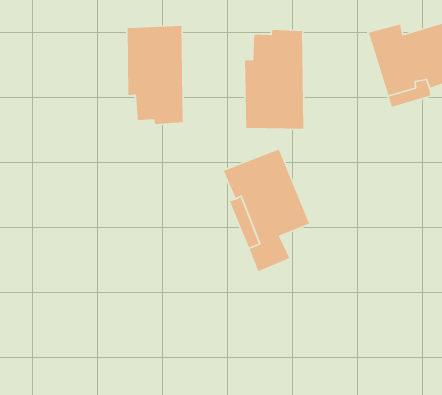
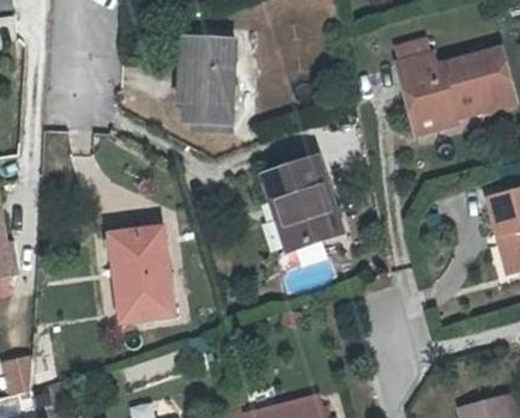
building: [244,29,304,129] -> none
building: none -> [116,234,176,317]

